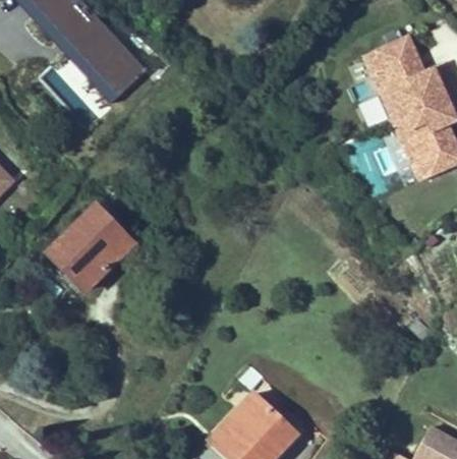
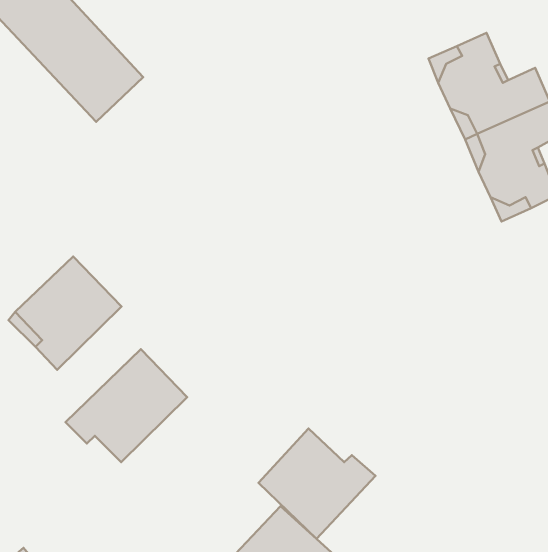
building: none -> [65,349,187,462]
building: none -> [259,428,375,539]

